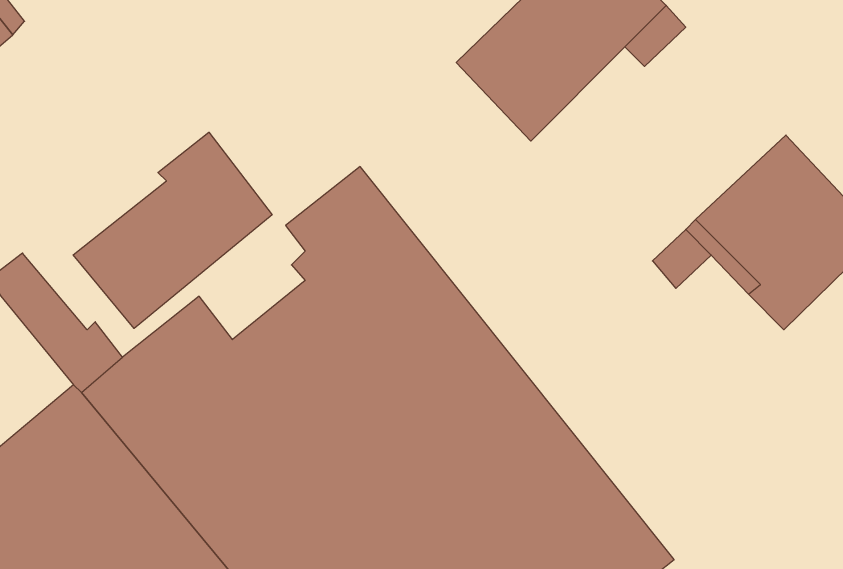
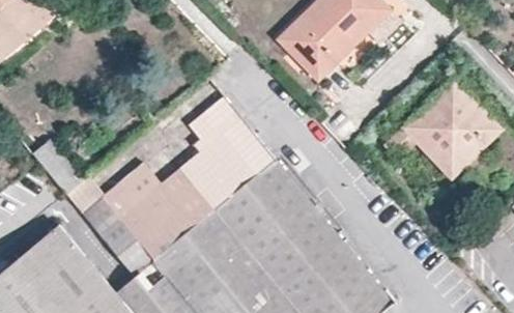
building: [73,132,272,328] -> none

